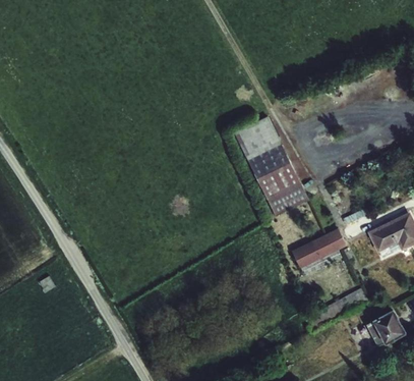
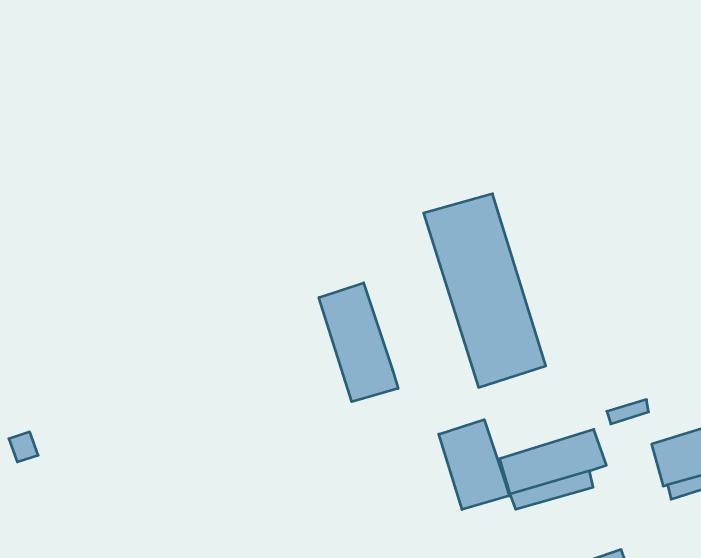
building: none -> [319,283,398,402]
building: none -> [439,420,509,510]

